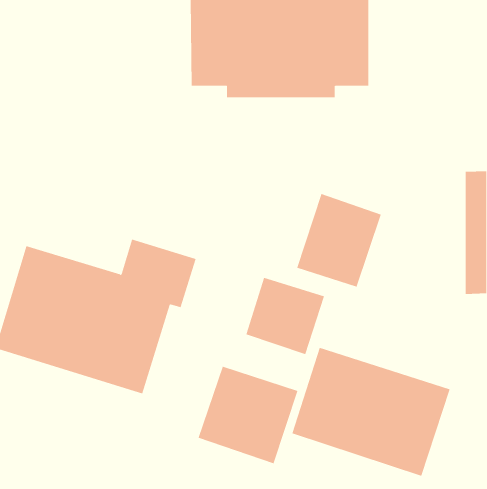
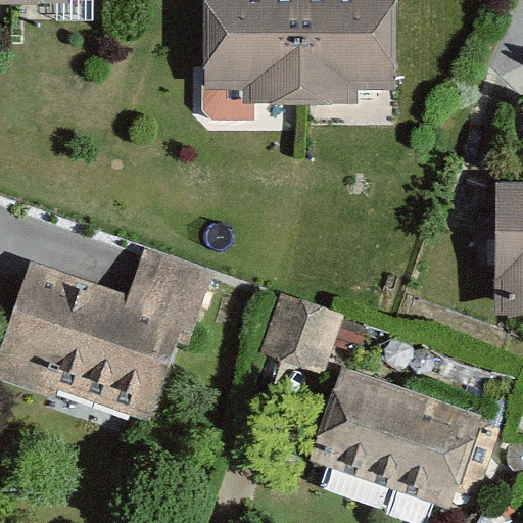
building: [297,193,381,287] -> none
building: [198,366,298,464] -> none

